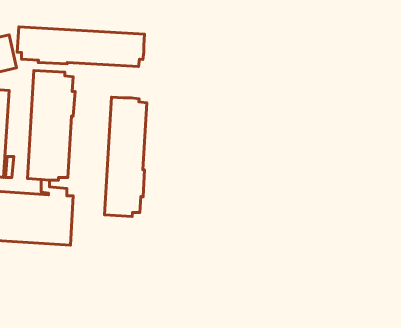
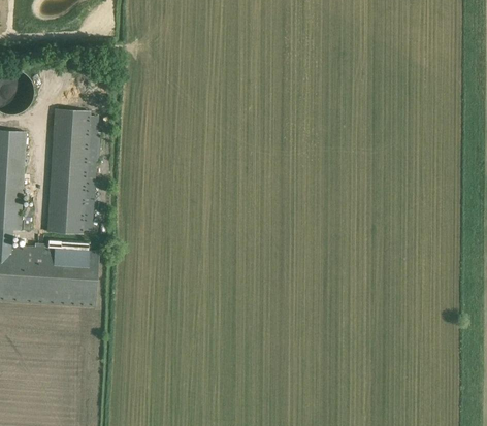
building: [17,27,144,67] -> none
building: [104,97,147,217] -> none

